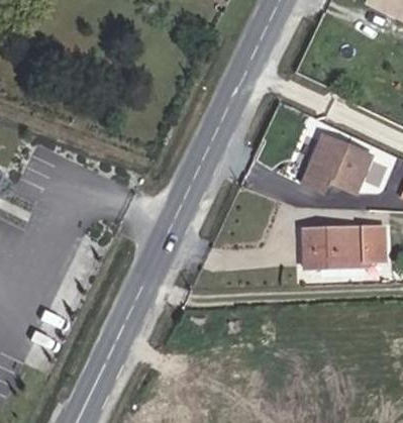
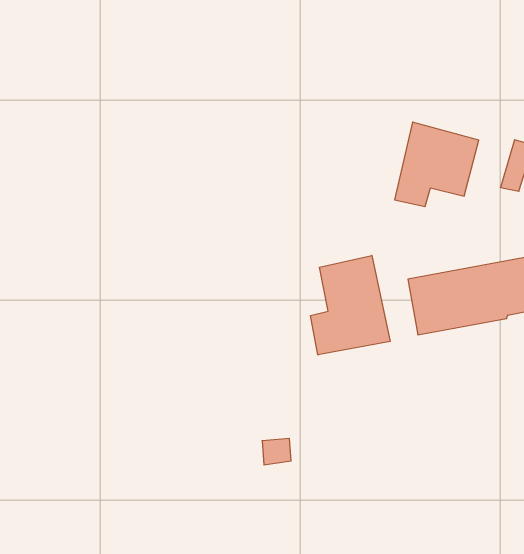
building: none -> [311,255,390,355]

